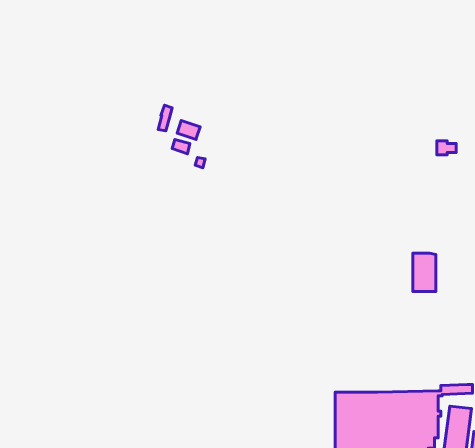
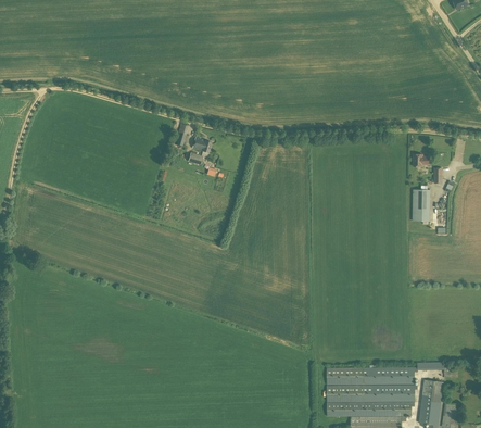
building: [413,253,436,291] -> [412,188,431,221]

